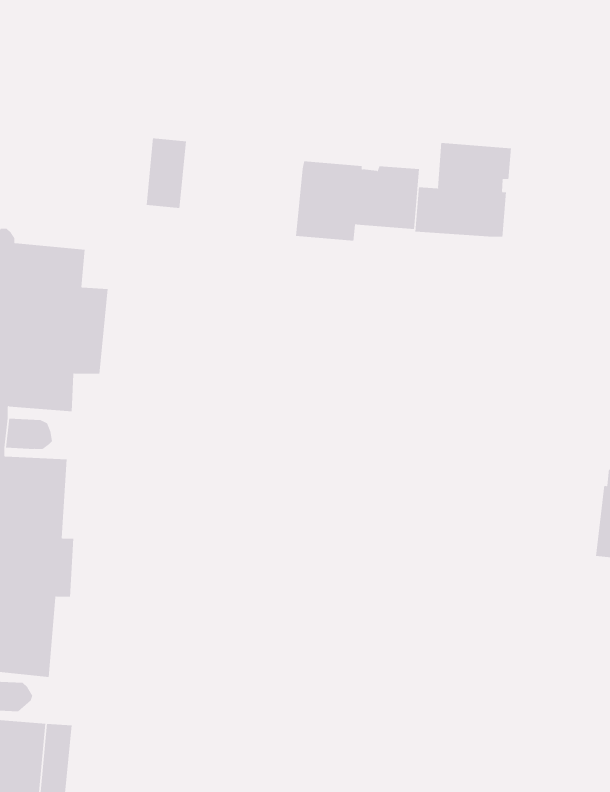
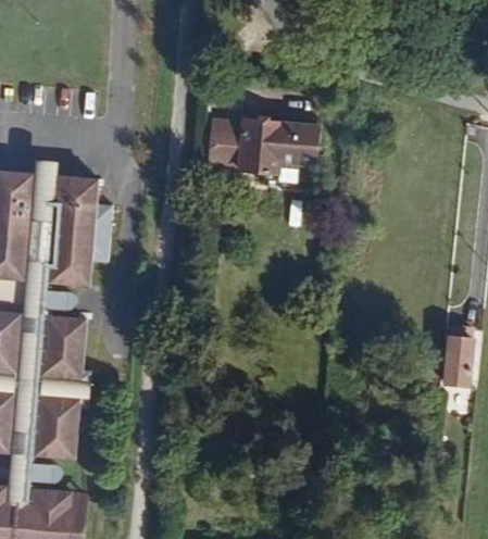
building: [146,138,187,208] -> [213,123,240,170]
building: [415,142,511,238] -> none

